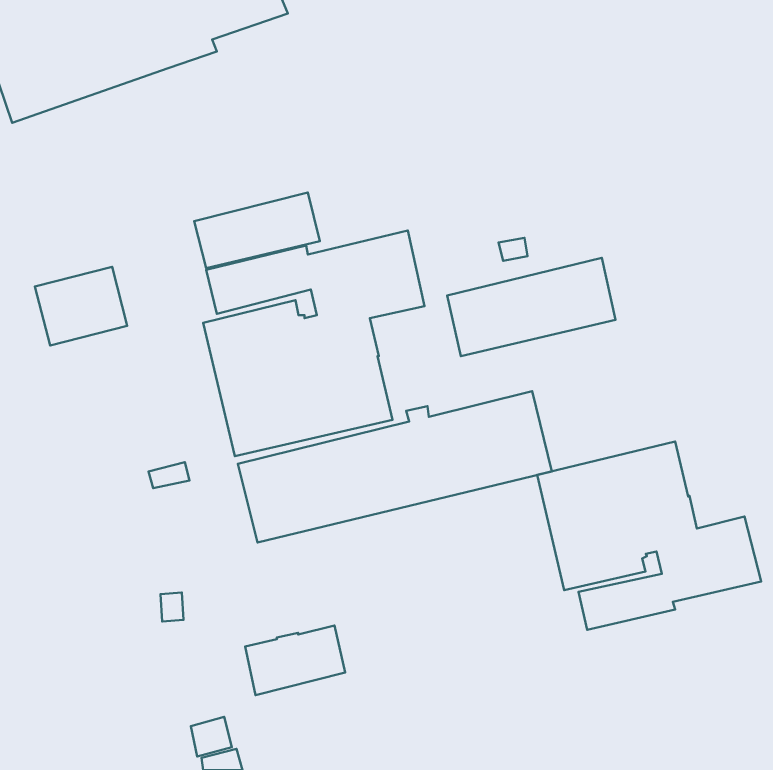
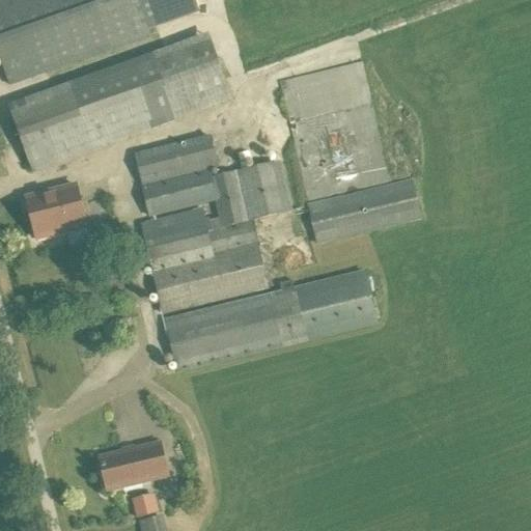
building: none -> [6,31,229,171]
building: [537,441,761,630] -> none
building: [245,625,345,695] -> [99,441,167,488]

